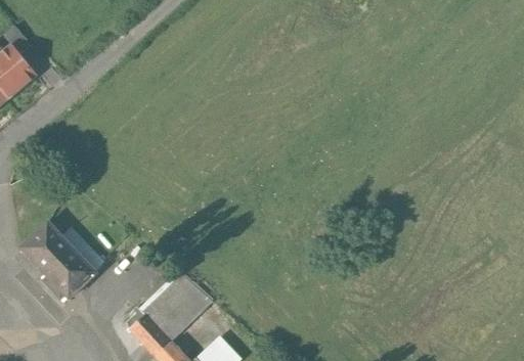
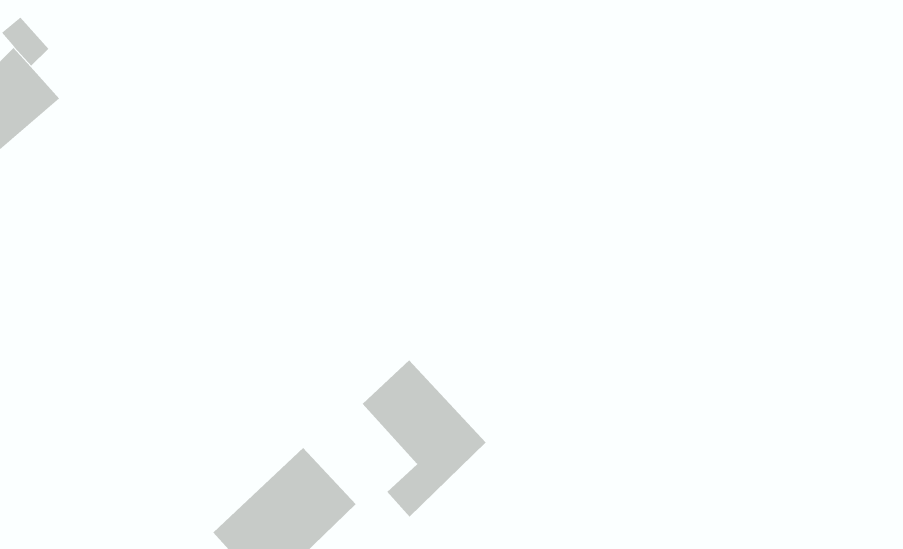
building: [20,222,95,300] -> none
building: none -> [362,359,487,518]

